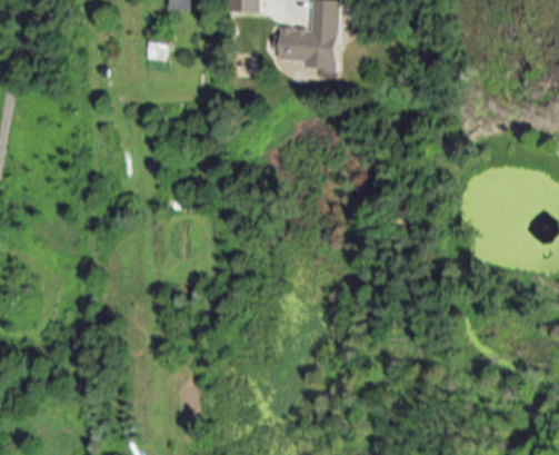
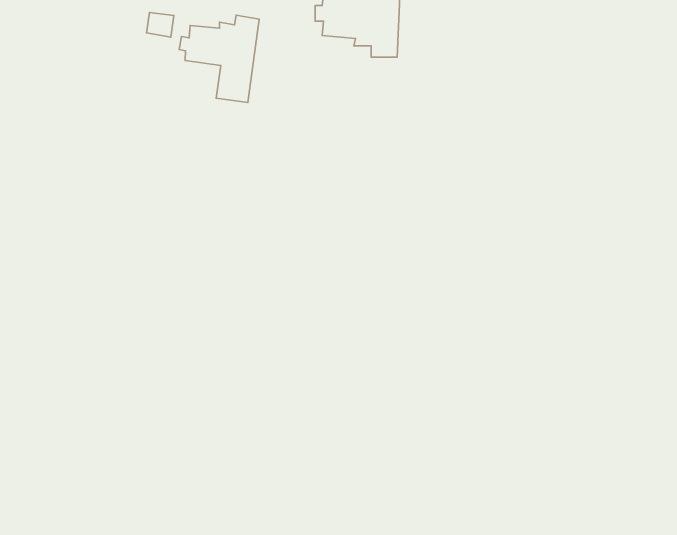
building: none -> [179,15,259,102]

